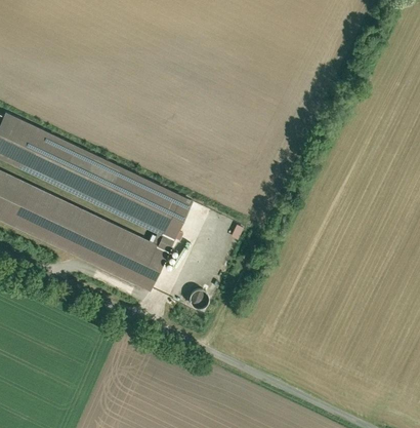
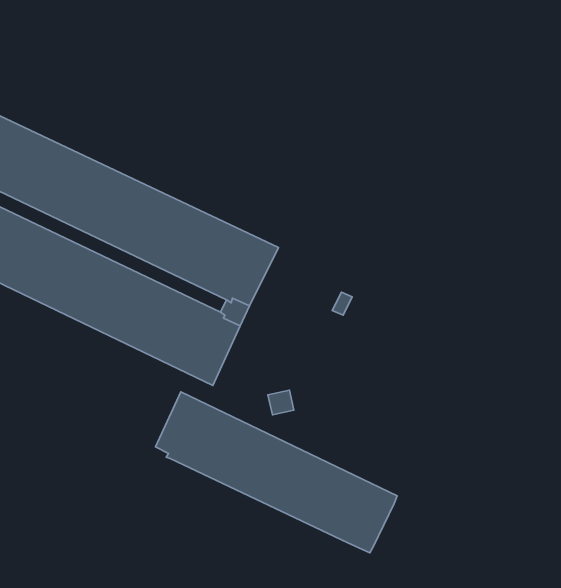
building: none -> [156,392,397,553]

